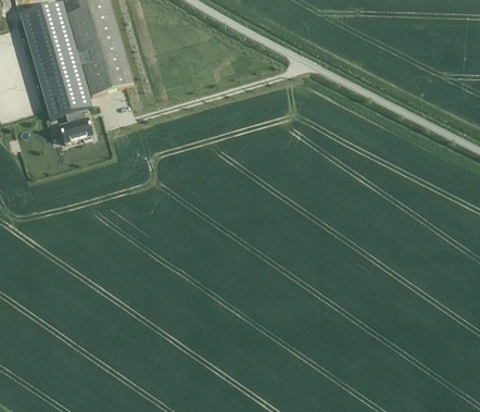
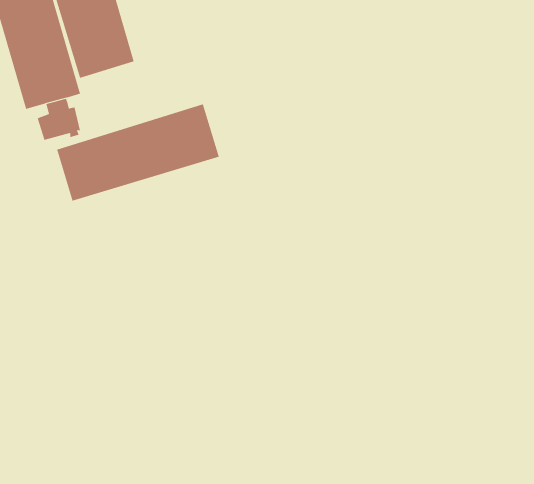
building: none -> [57,103,219,202]

